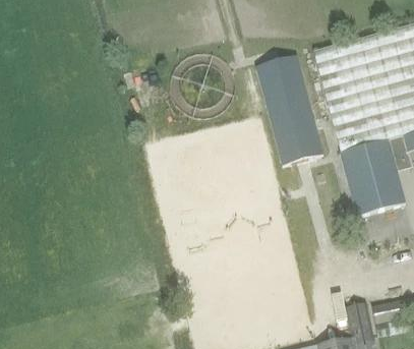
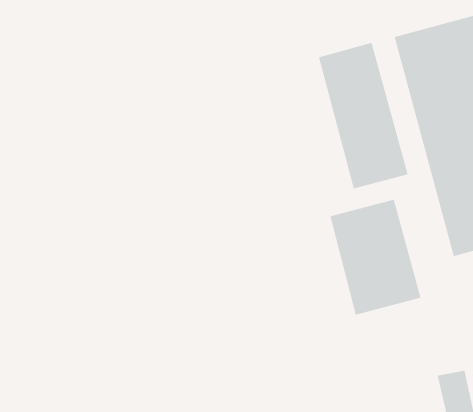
building: none -> [330,199,421,316]

